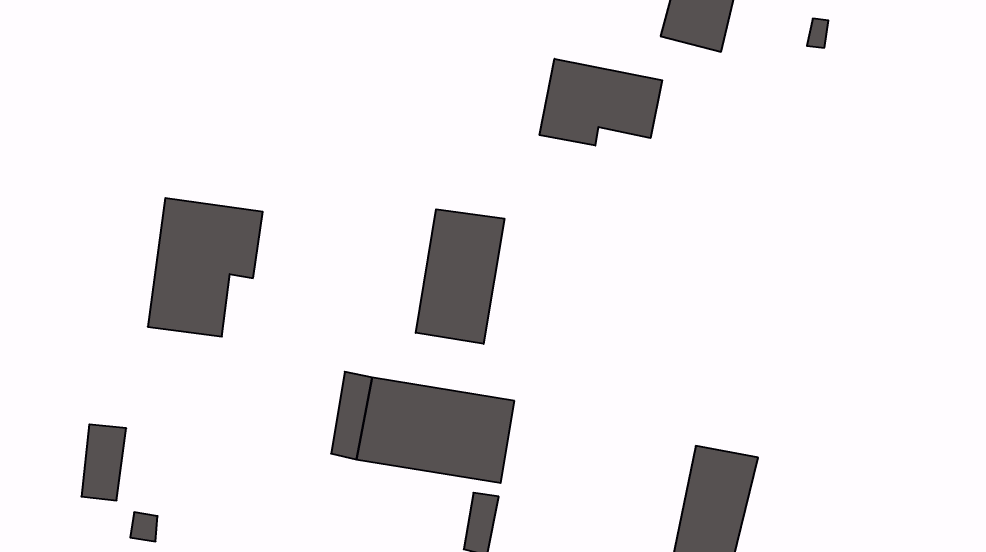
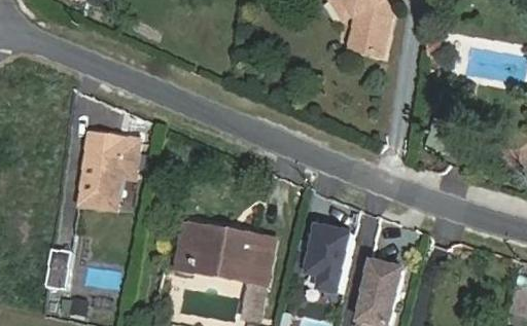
building: [540,59,662,146] -> none
building: [416,209,504,344] -> none
building: none -> [308,226,352,291]

